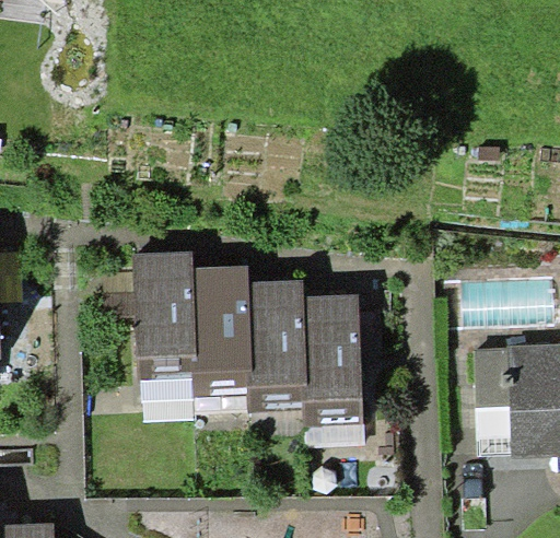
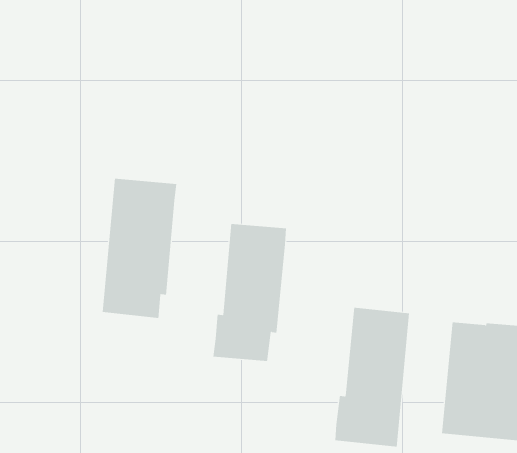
building: [192,267,254,399] -> none
building: [303,296,365,428] -> [335,307,410,447]

